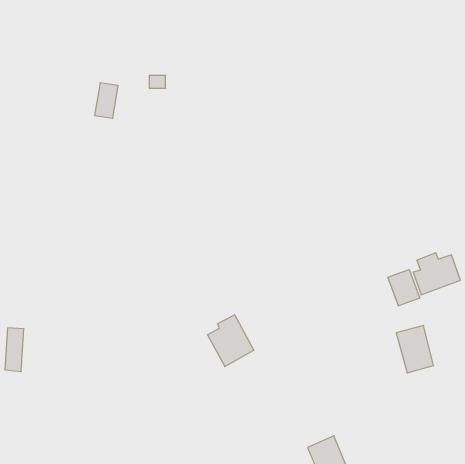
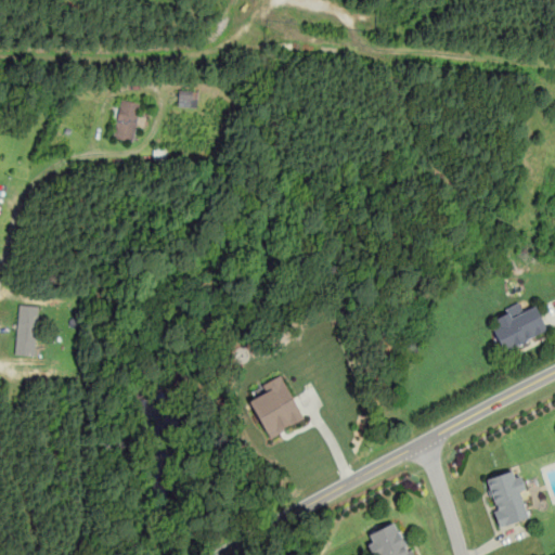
building: [388,270,420,306] -> none
building: [396,326,434,373] -> [485,470,529,527]
building: [5,328,24,372] -> [15,305,38,357]

